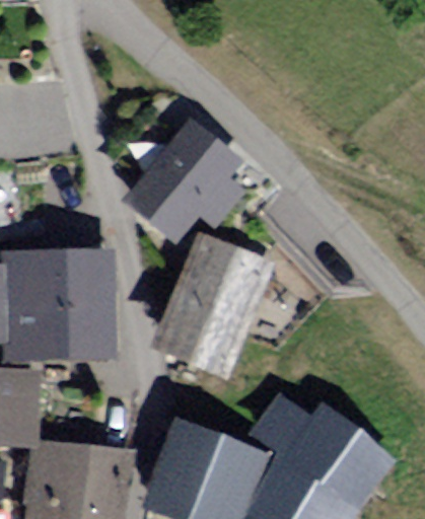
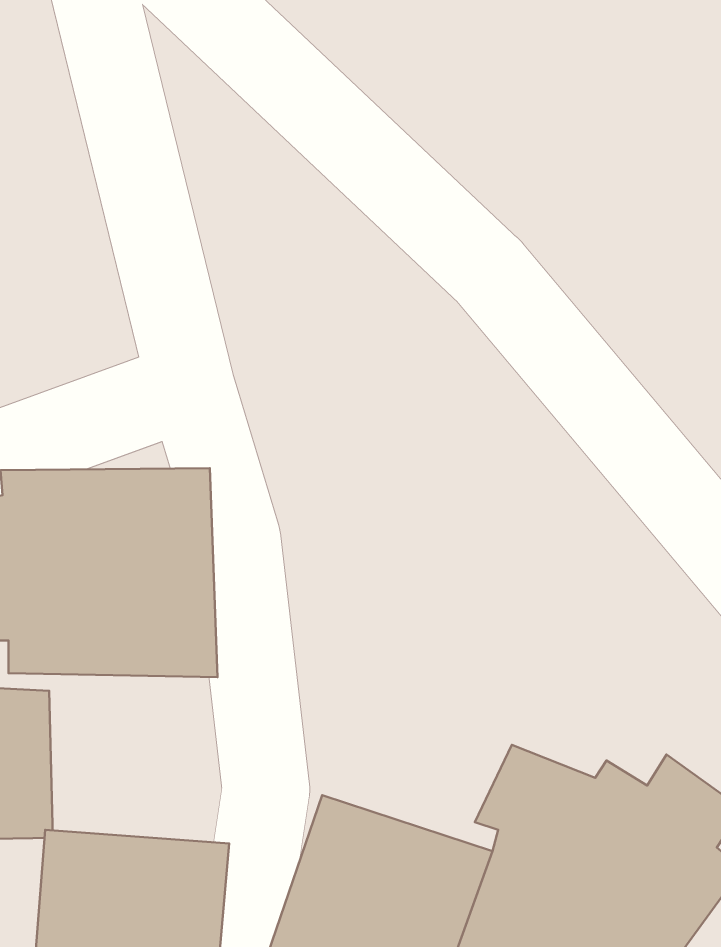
building: [128,125,237,241] -> none
building: [153,233,264,374] -> none

